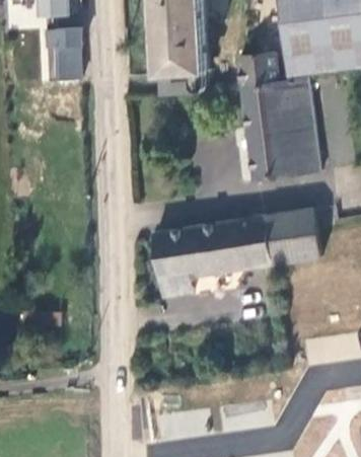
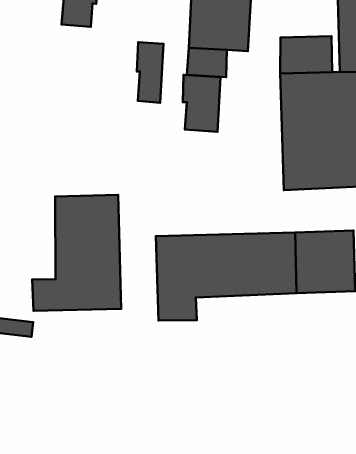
building: none -> [137,42,163,103]
building: none -> [183,75,220,132]
building: none -> [32,195,121,311]

